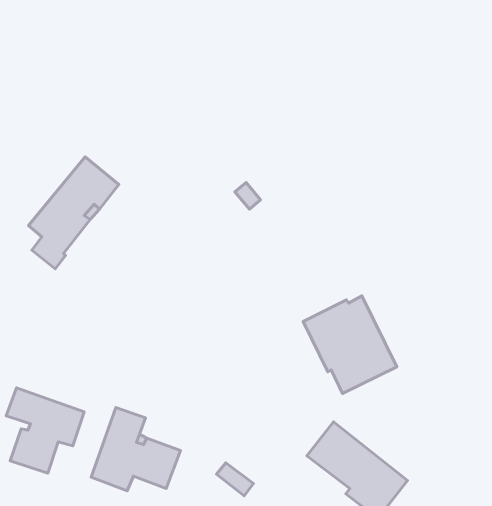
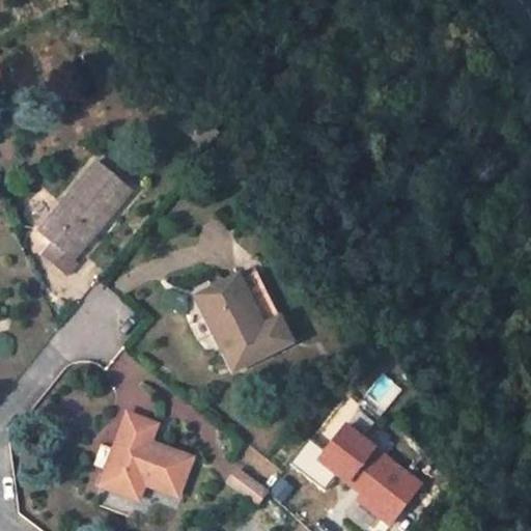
building: [303,296,397,393] -> [196,270,290,368]
building: [6,388,84,473] -> none

